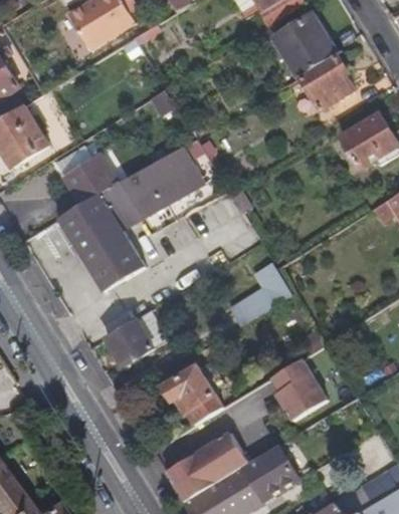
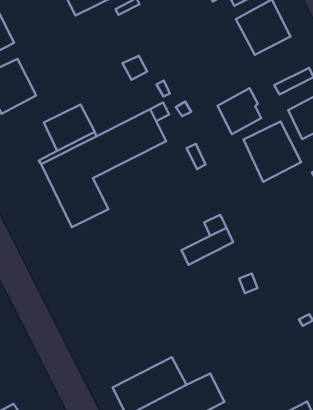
building: [302,54,353,108] -> [217,88,261,134]
building: none -> [243,122,301,182]
building: [106,318,153,364] -> none
building: [272,356,329,420] -> none
building: [164,362,222,422] -> none

